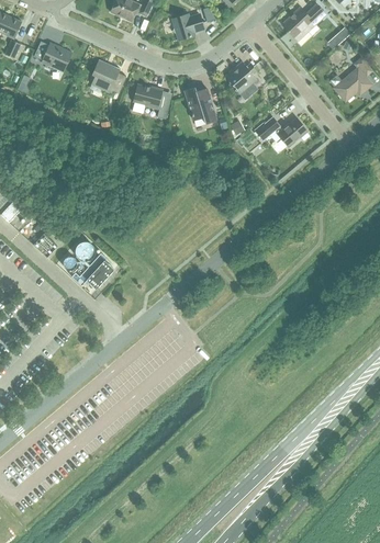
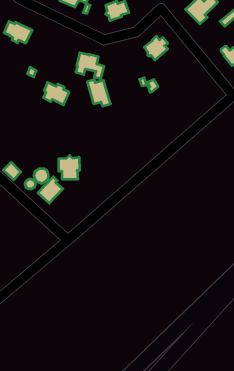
building: [91,63,126,93] -> [43,82,69,105]
building: [185,87,216,123] -> [87,80,111,106]
building: [256,116,309,147] -> none
building: none -> [59,155,79,179]

